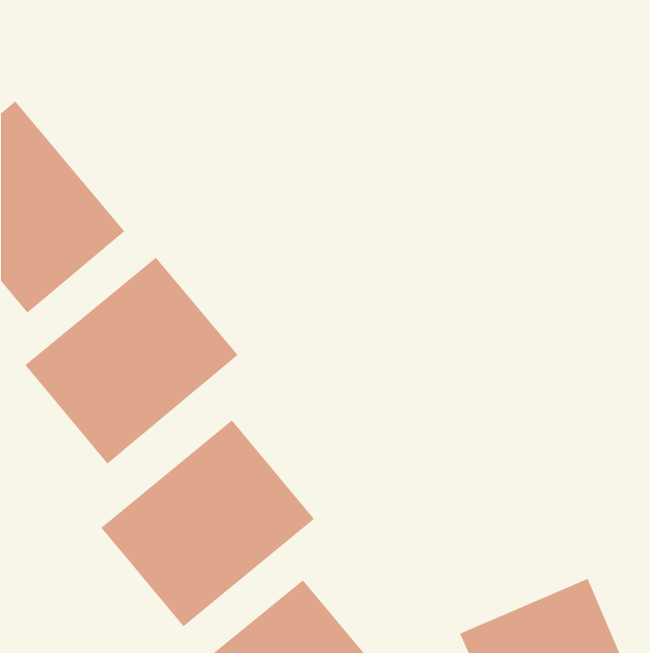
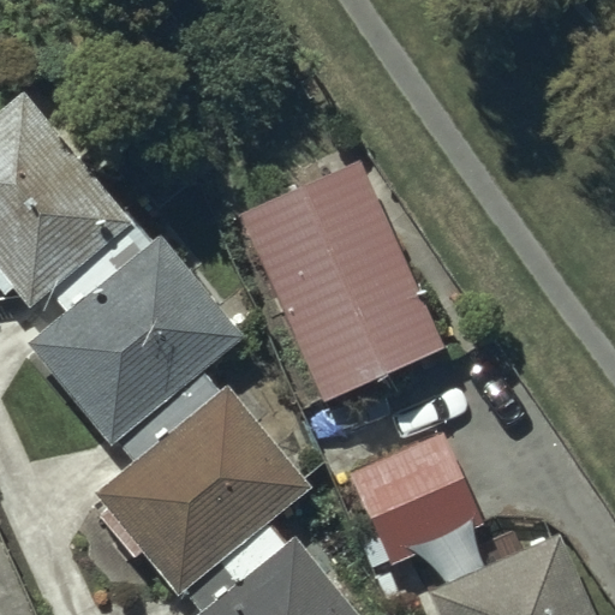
building: none -> [249,167,440,395]
building: none -> [353,432,483,562]

